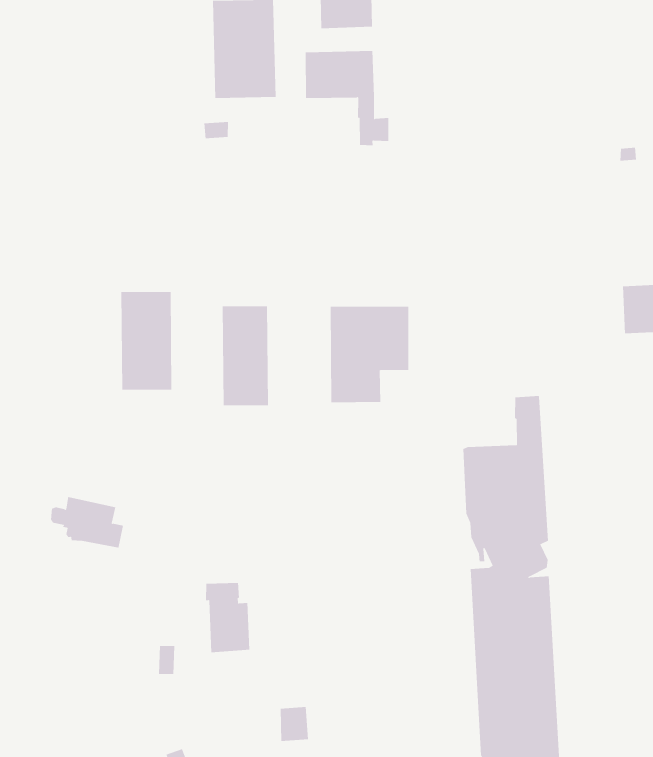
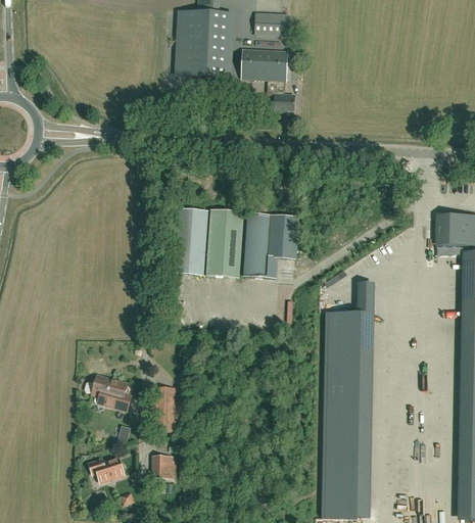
building: [121,291,172,390] -> [204,210,241,276]
building: [50,496,124,548] -> [83,374,130,410]
building: none -> [88,458,122,481]
building: [280,706,309,742] -> [151,456,170,477]

